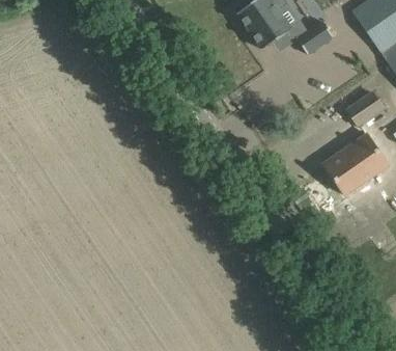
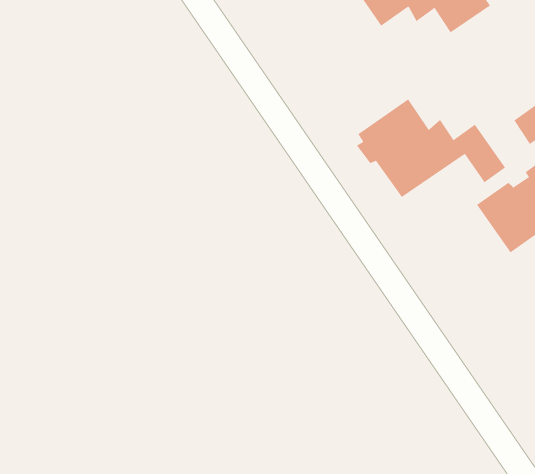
building: none -> [356,99,506,198]

